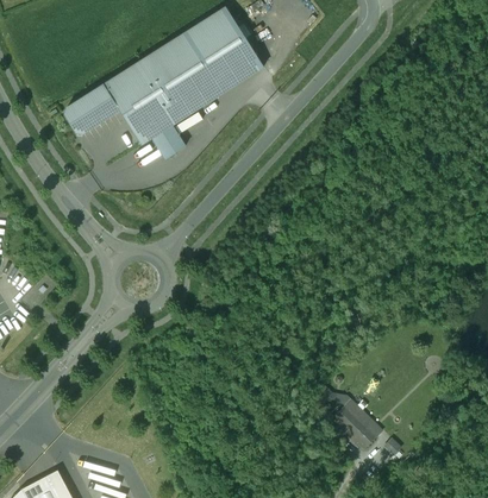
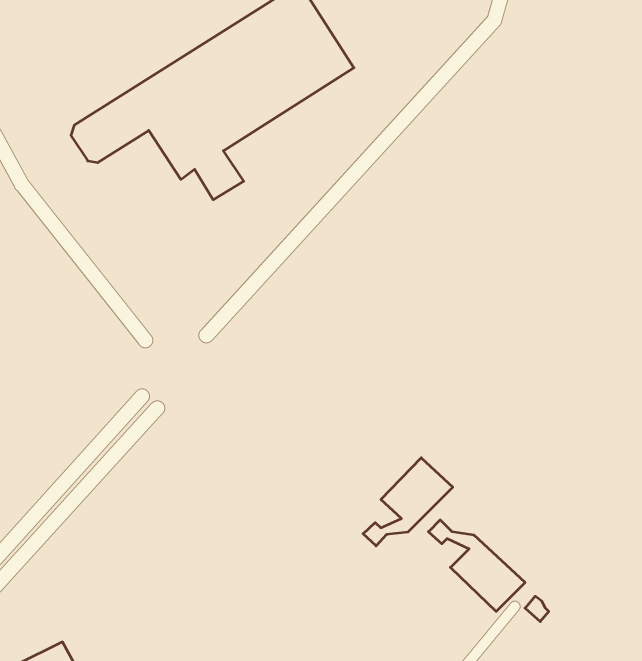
building: none -> [363,458,453,546]

